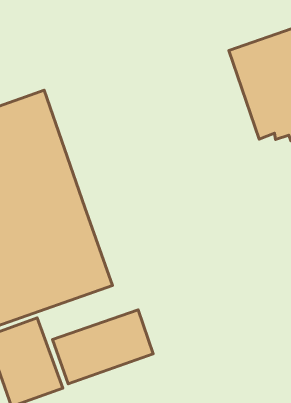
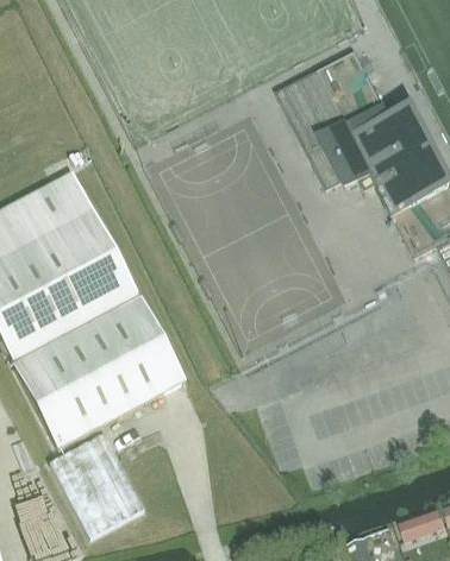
building: [53,310,153,384] -> none

